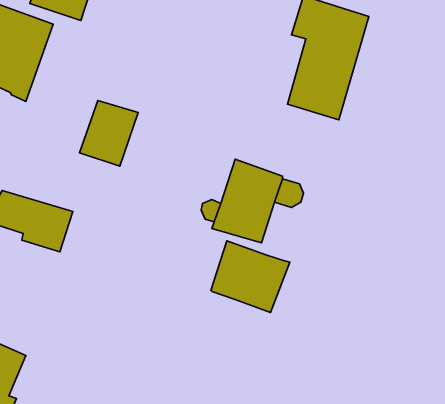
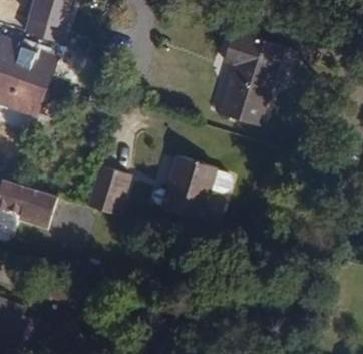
building: [79,101,138,166] -> [86,166,131,217]
building: [211,241,290,312] -> none

